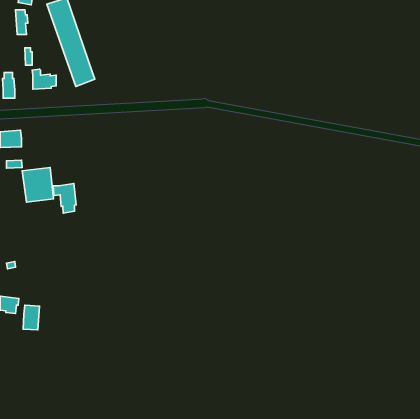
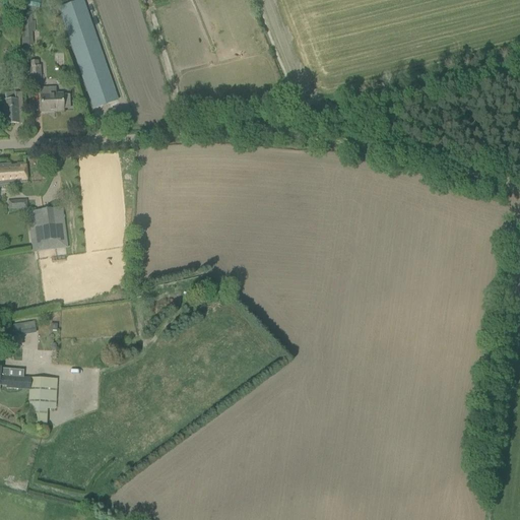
building: [53,183,76,213] -> none

